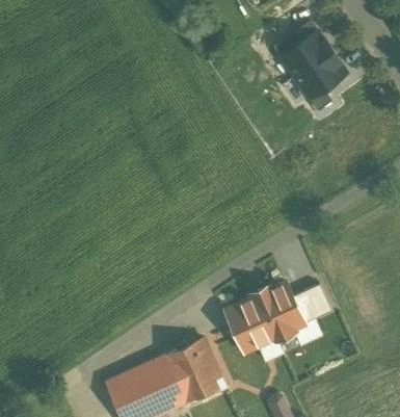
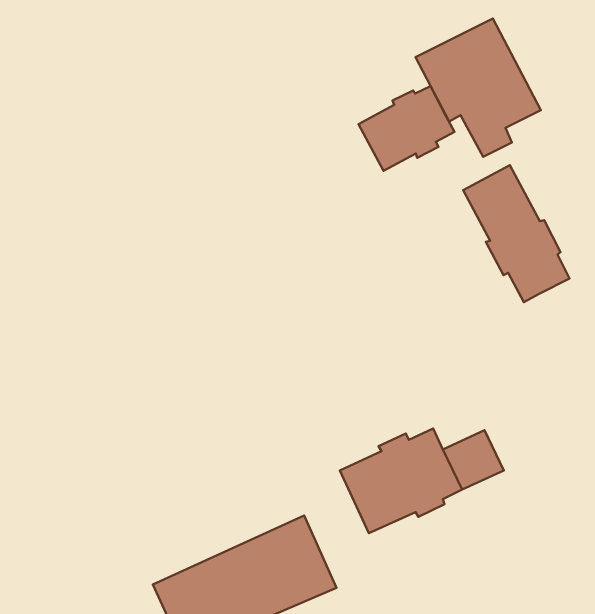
building: none -> [359,86,455,171]
building: none -> [463,165,570,302]

